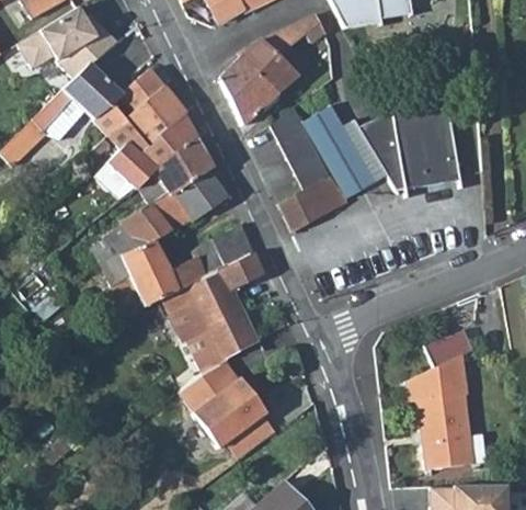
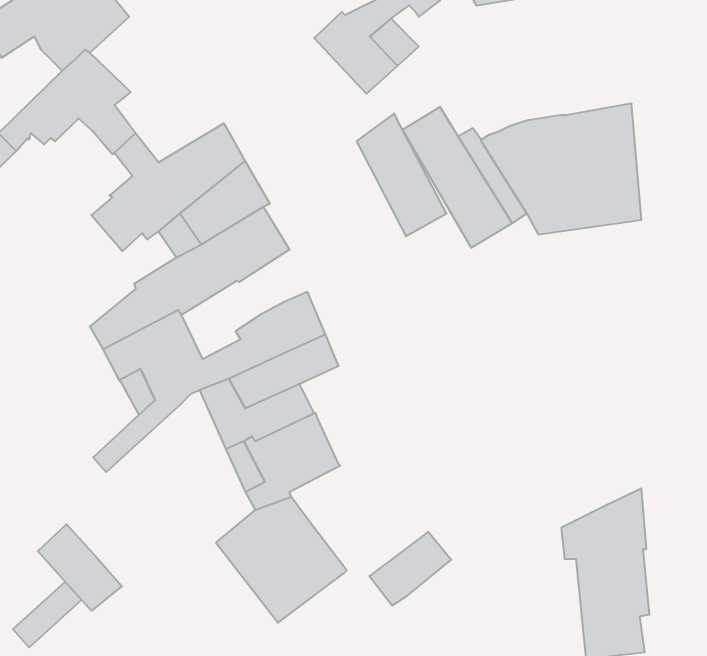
building: [220,56,278,125] -> none
building: [110,67,186,139] -> none
building: [279,173,351,231] -> none
building: [428,329,479,369] -> none
building: none -> [38,524,122,611]
building: [224,415,278,464] -> [369,532,451,606]

